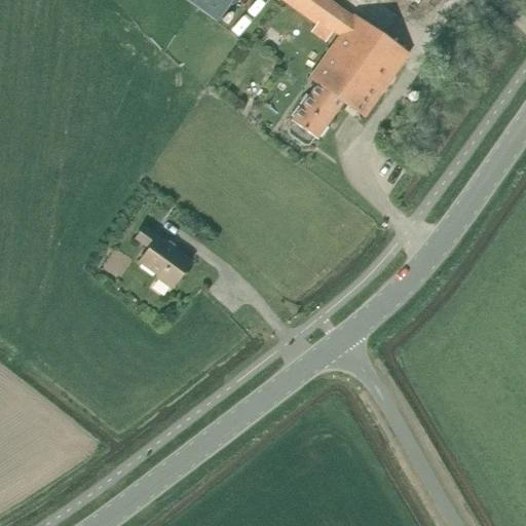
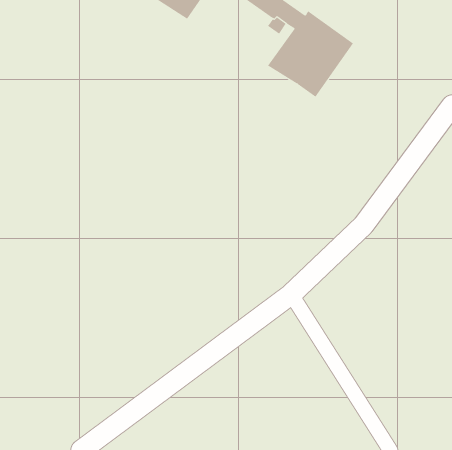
building: [291,81,345,142] -> none
building: [135,225,190,286] -> none

